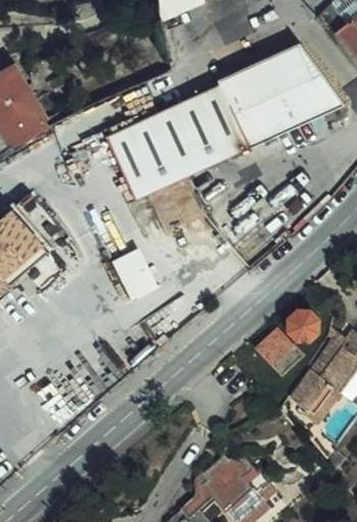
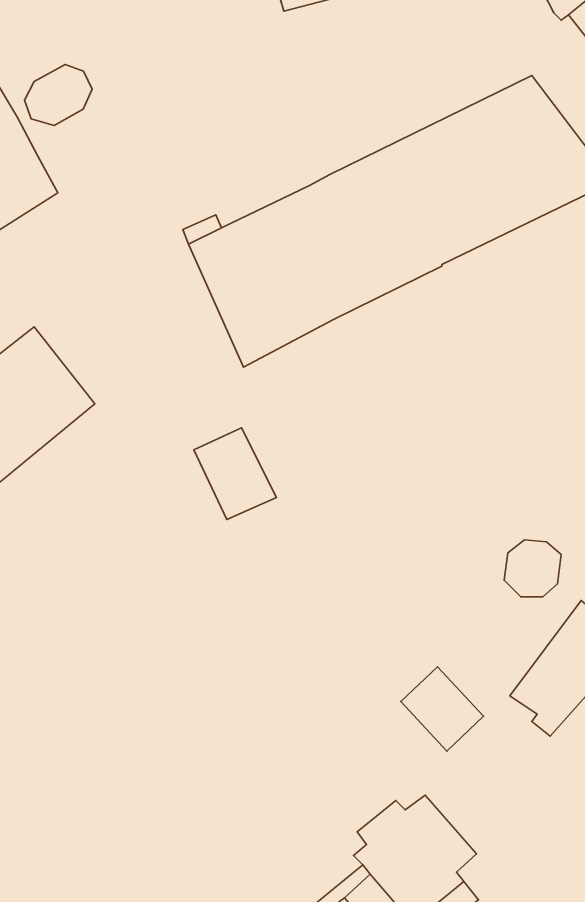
building: none -> [25,64,92,125]
building: [258,326,304,373] -> [401,667,483,751]

